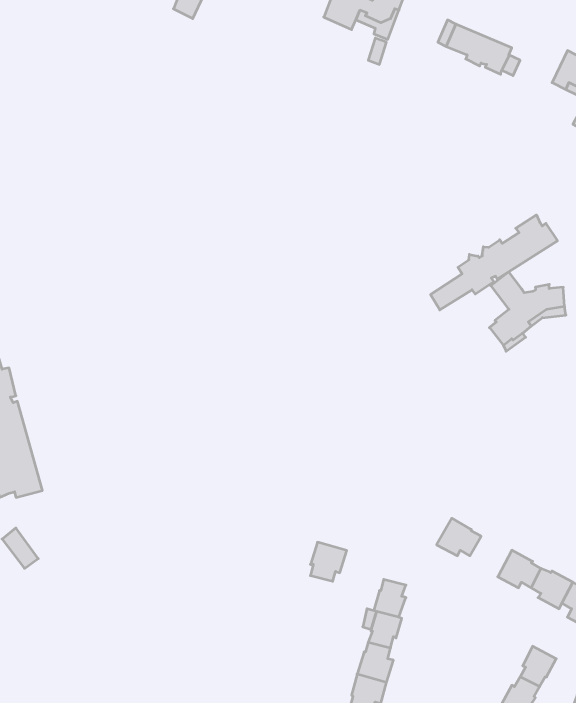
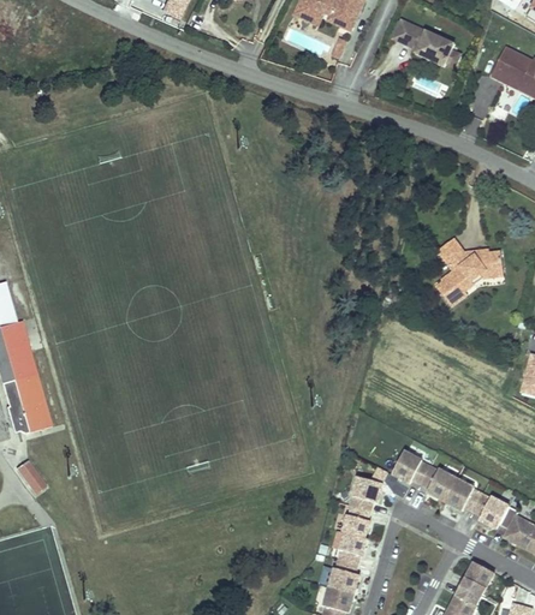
building: [431,215,557,310] -> none
building: none -> [421,466,457,501]
building: [310,542,347,581] -> [346,474,378,508]

